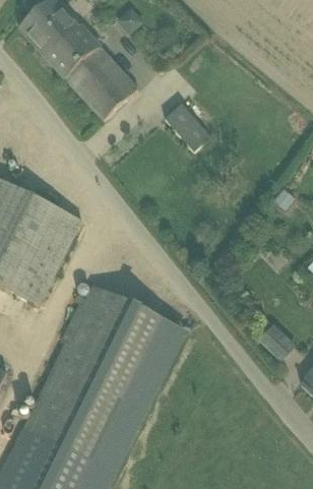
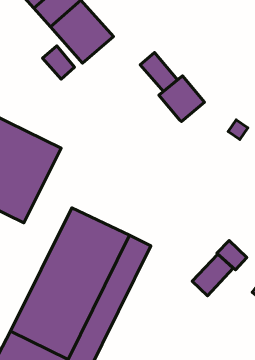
building: none -> [42,46,75,79]
building: none -> [159,76,204,122]
building: none -> [192,254,233,296]

